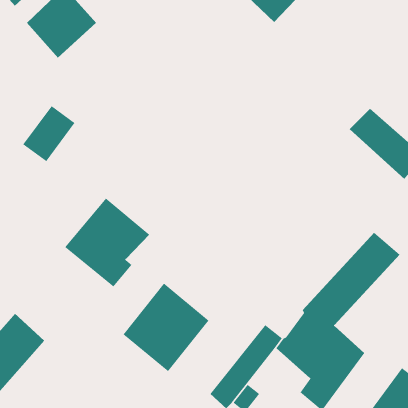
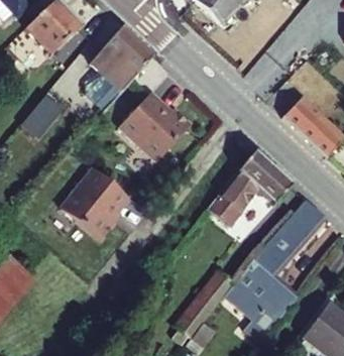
building: none -> [89,28,150,91]
building: none -> [117,93,189,161]
building: none -> [207,149,289,221]
building: [122,283,209,372] -> none

